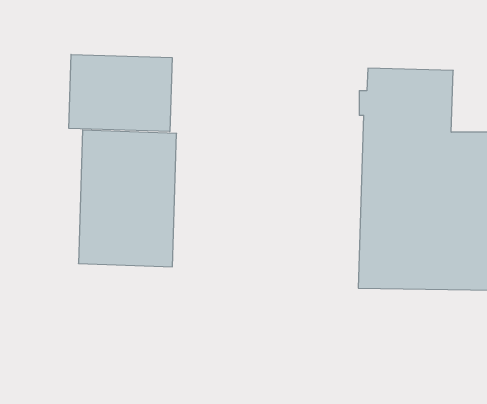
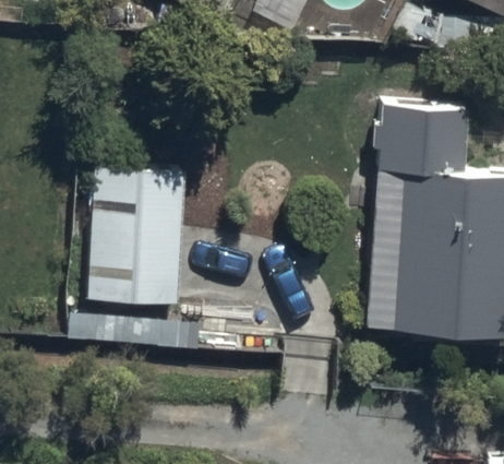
building: [69,54,172,132] -> none

